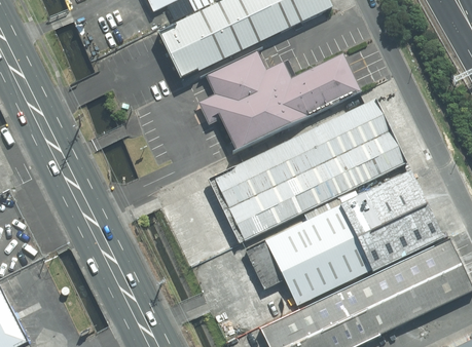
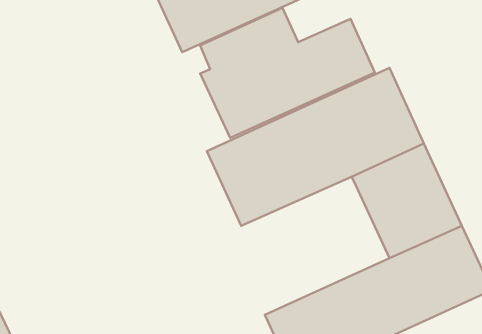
building: [243,201,375,309] -> none

